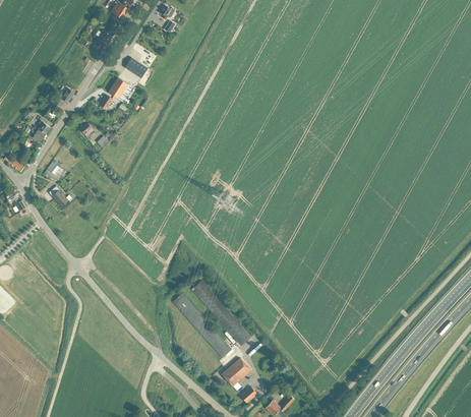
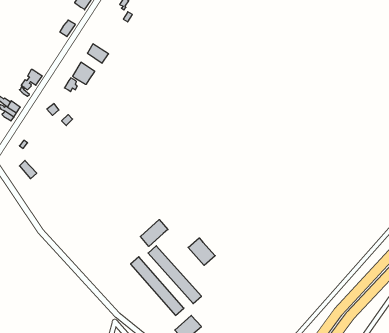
building: none -> [140,220,168,246]
building: none -> [188,238,215,265]

